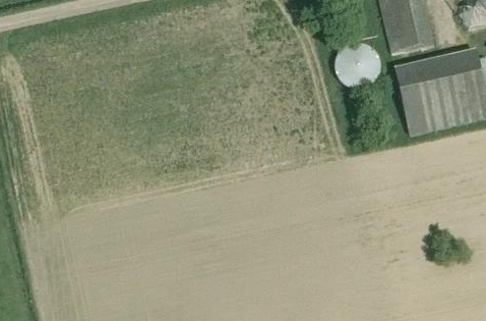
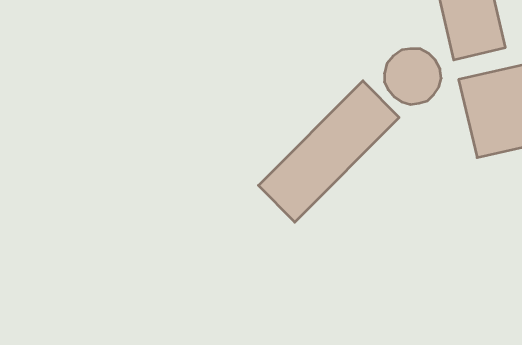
building: none -> [258,81,399,222]

